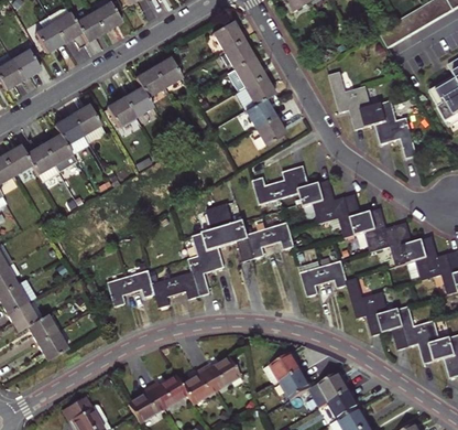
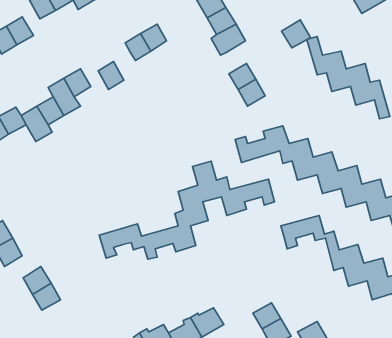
building: [243,75,274,105] -> [281,20,311,48]
building: [123,87,152,117] -> none
building: [8,303,36,332] -> none

